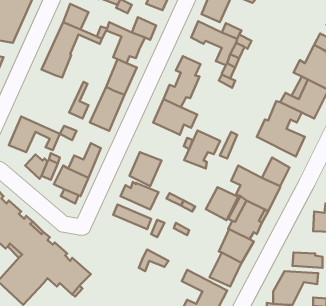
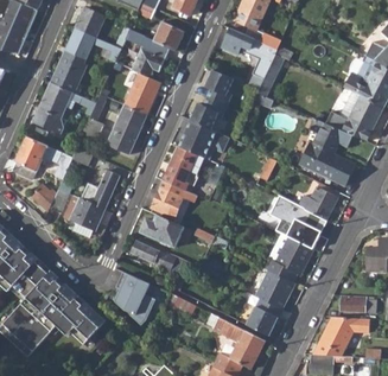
building: none -> [32,83,83,135]
building: [184,131,220,168] -> [164,145,205,189]
building: [206,187,238,220] -> none
building: none -> [113,270,155,324]

